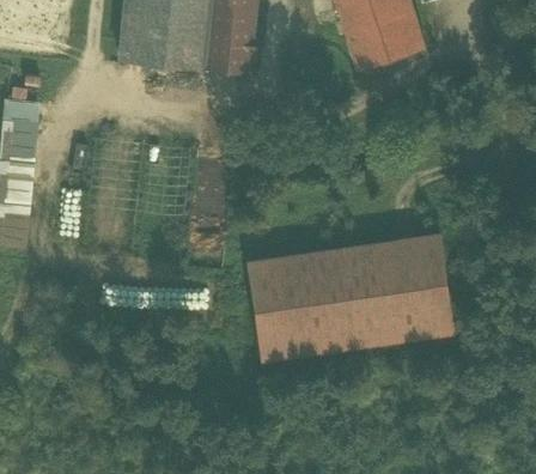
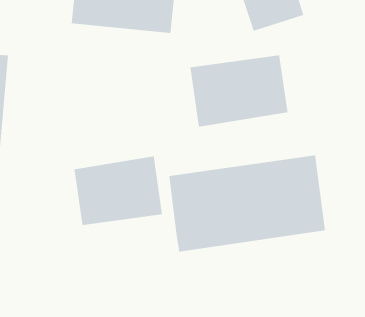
building: none -> [190,54,288,128]
building: none -> [74,156,163,226]

